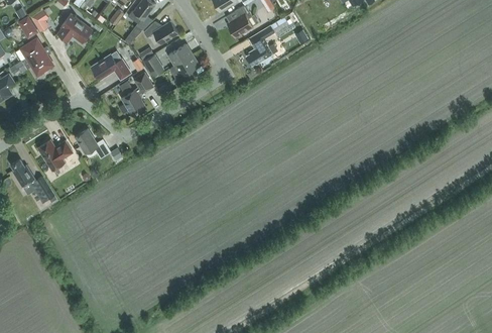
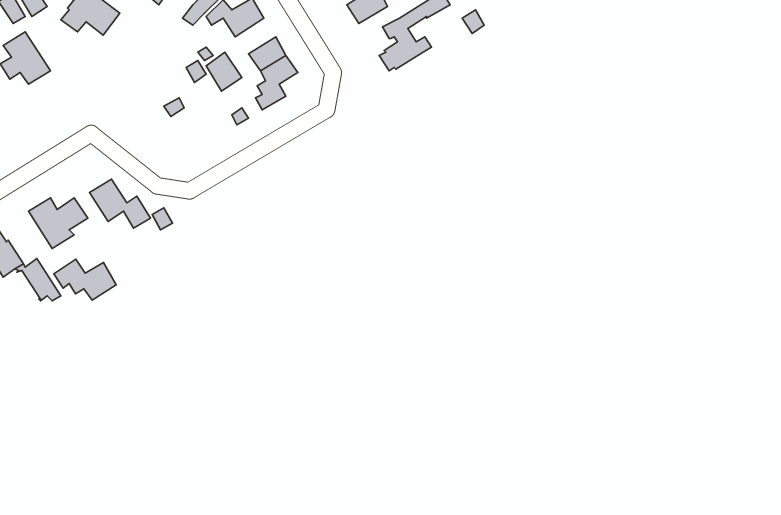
building: [94,54,131,80] -> none
building: [122,74,153,116] -> none
building: none -> [54,259,116,300]

